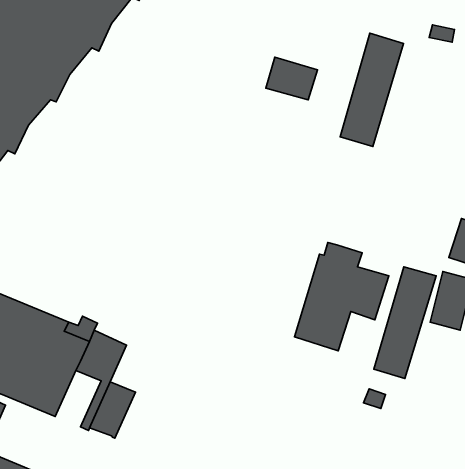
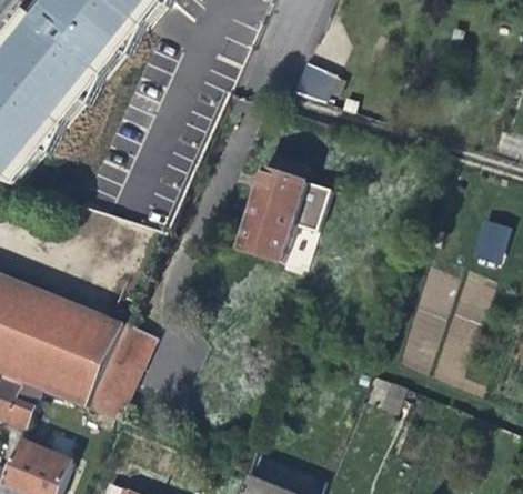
building: [340,33,403,147] -> none
building: [294,242,389,351] -> [240,158,331,262]
building: [90,382,136,438] -> [88,364,132,419]

